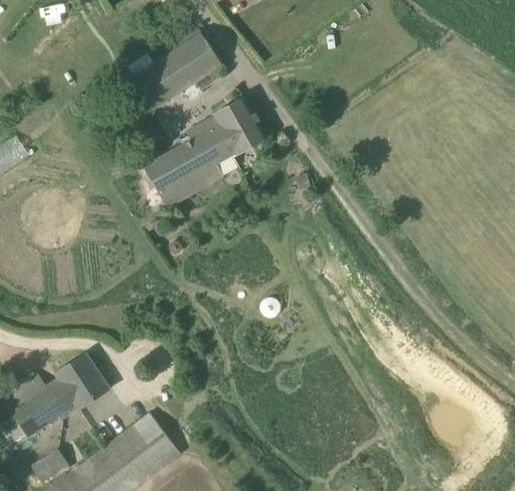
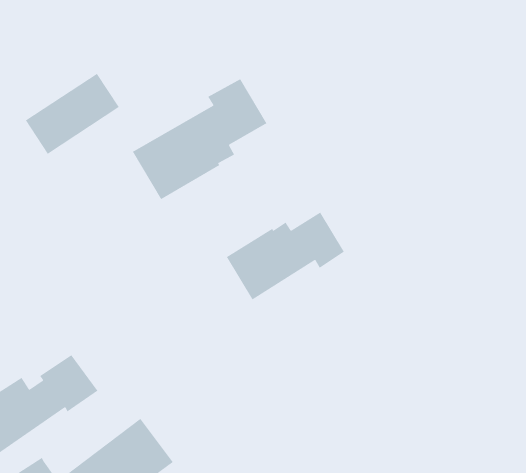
building: [133,32,221,109] -> [25,73,120,155]
building: none -> [226,211,345,300]

